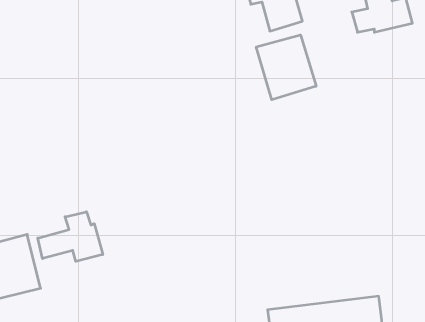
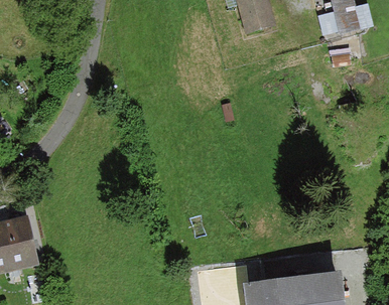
building: [256,35,316,100] -> none
building: [38,212,103,261] -> none

